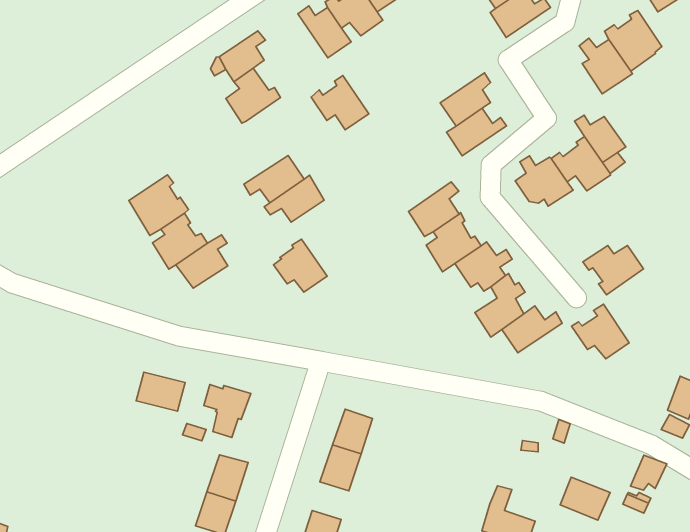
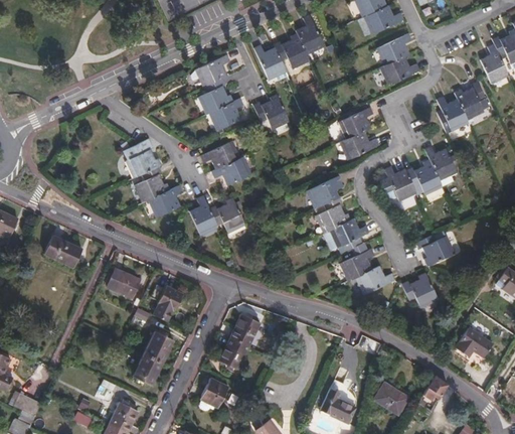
building: none -> [208,98,243,131]
building: none -> [190,194,218,236]
building: none -> [44,235,82,267]

